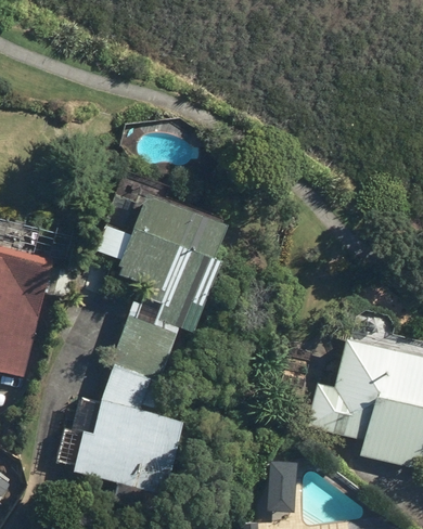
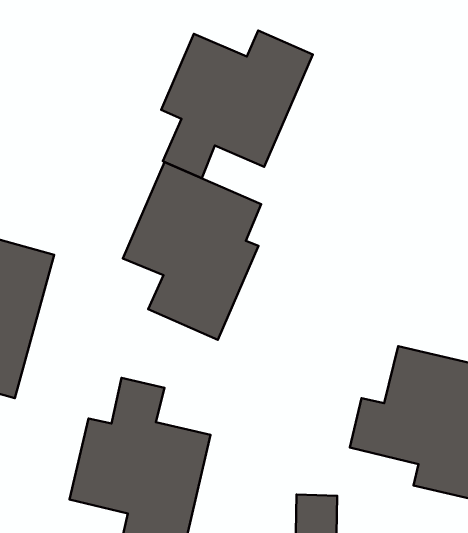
building: none -> [161,30,313,178]
building: [112,313,179,377] -> none

